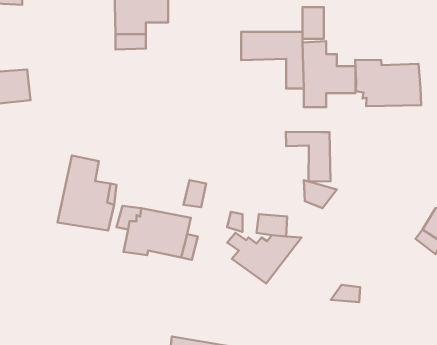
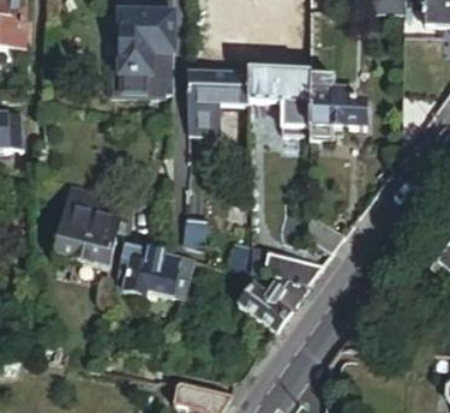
building: none -> [186,70,247,131]
building: [355,60,421,106] -> none
building: [286,132,331,181] -> none

